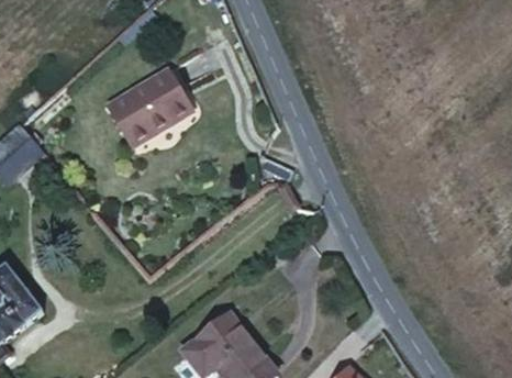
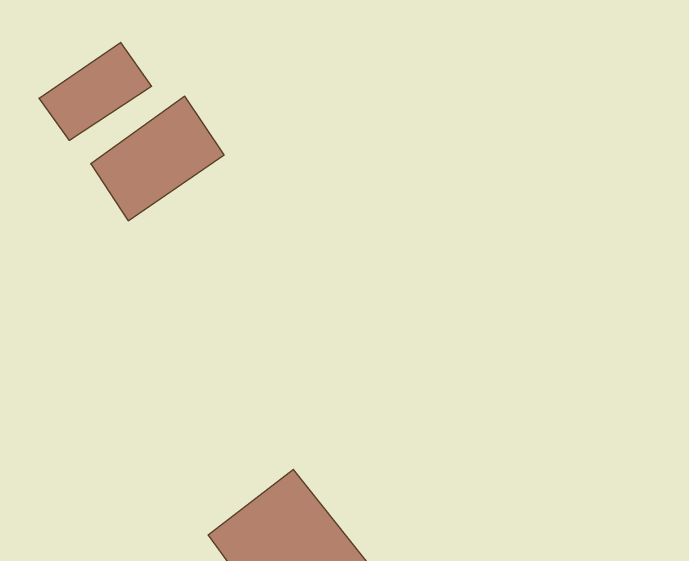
building: none -> [39,42,152,140]

